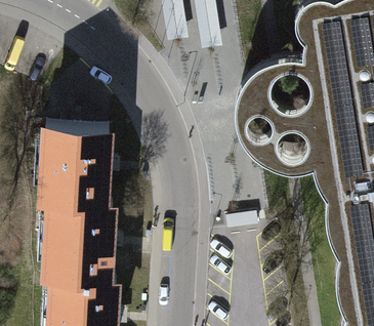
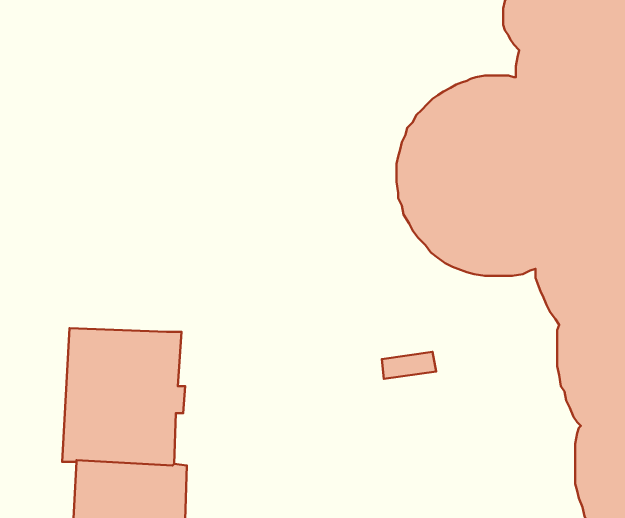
building: [42,118,111,197] -> none

